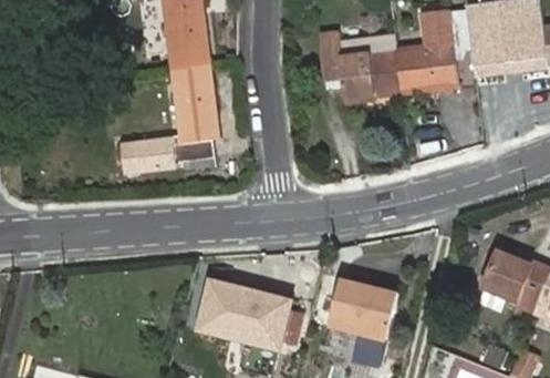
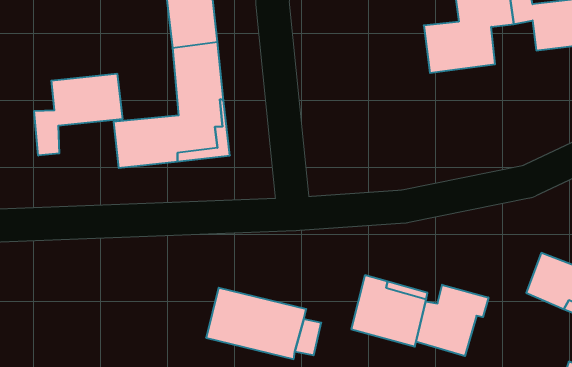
building: [315,33,399,100] -> none
building: none -> [34,74,123,156]
building: none -> [416,285,488,356]

